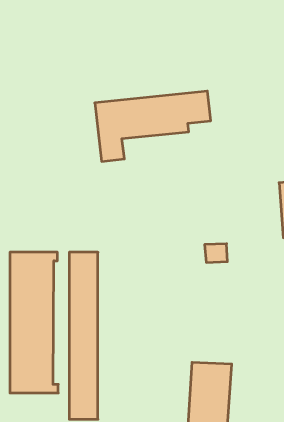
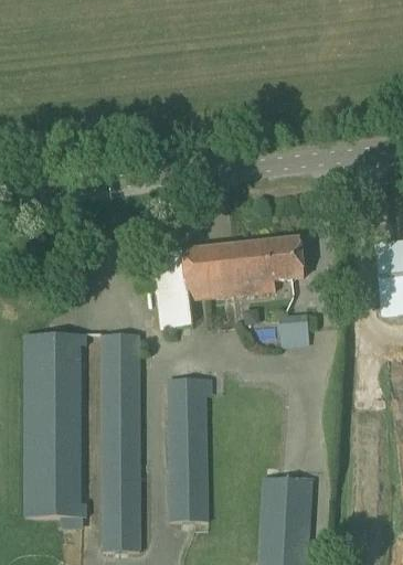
building: [95,91,211,161] -> [153,237,305,329]
building: none -> [167,377,208,522]

